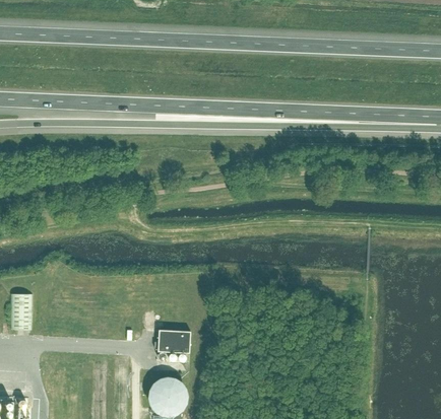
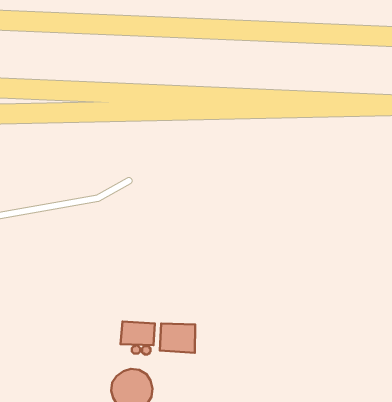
building: none -> [160,323,195,353]

